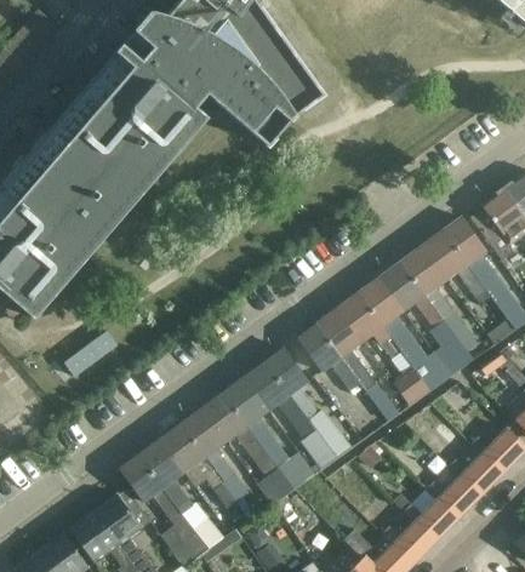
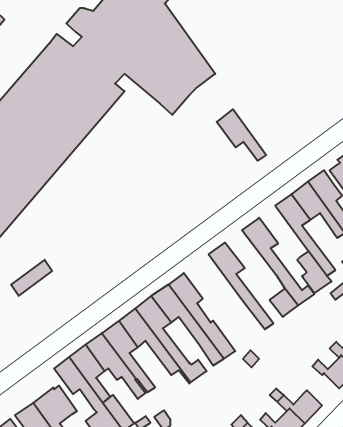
building: [380,262,443,327] -> [217,109,266,161]
building: [336,293,401,359] -> none
building: [296,324,359,390] -> none
building: [424,475,481,516] -> none

